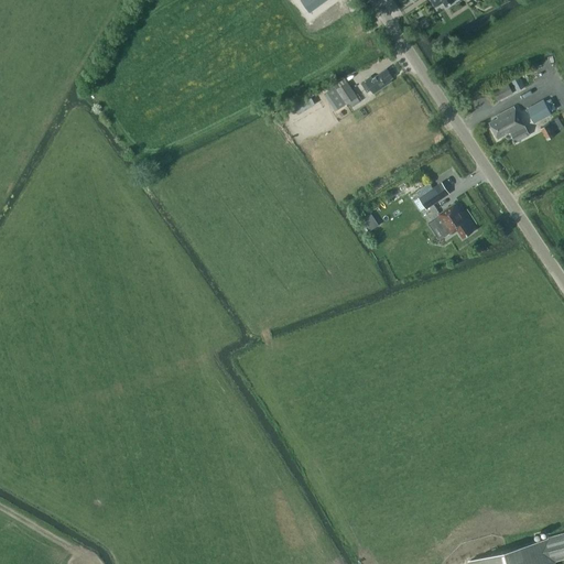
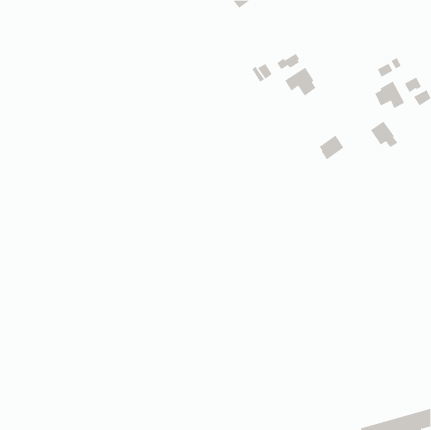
building: none -> [284,67,316,96]
building: [437,204,474,239] -> [370,121,398,148]

